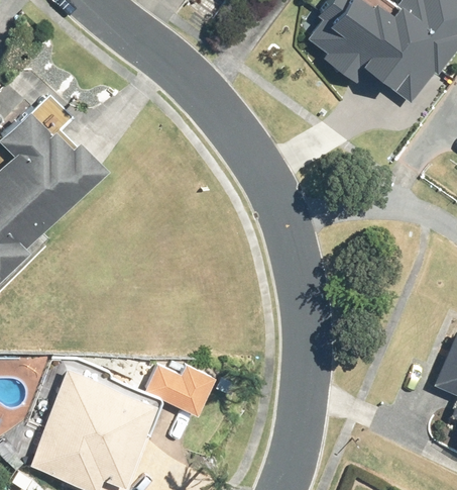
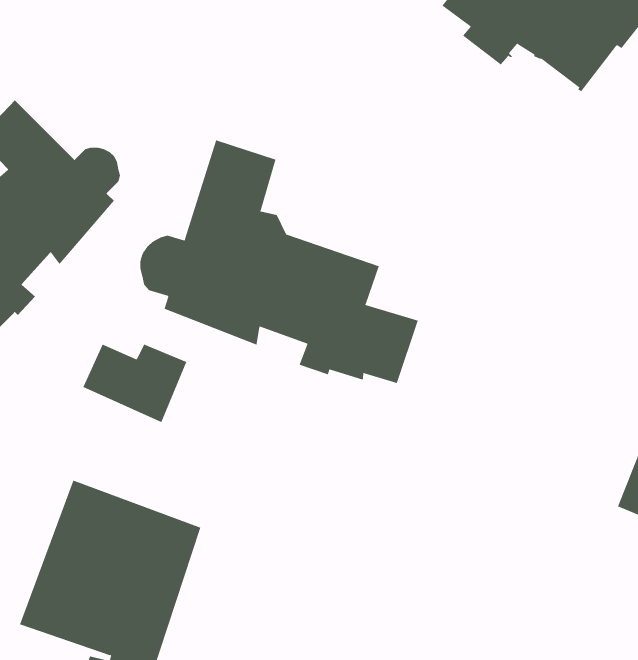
building: none -> [140,140,419,384]
building: [145,365,216,418] -> [83,344,187,423]

